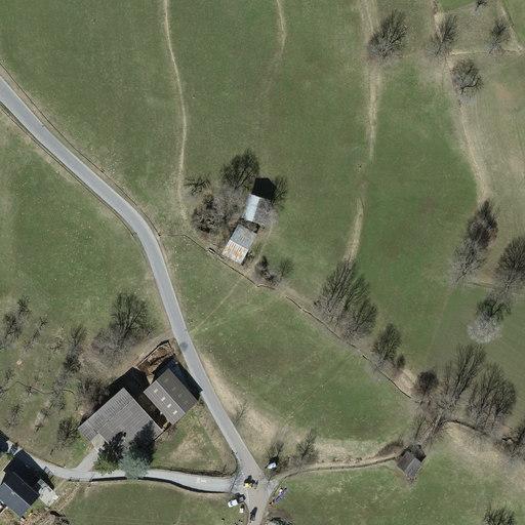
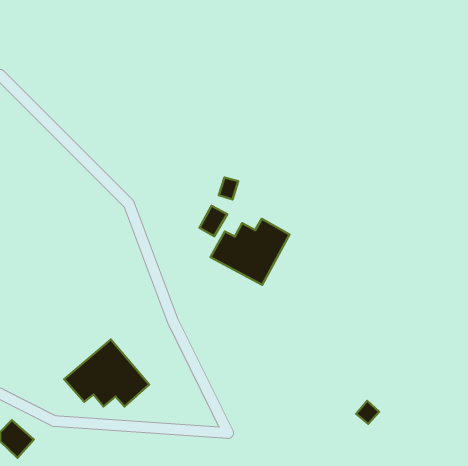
building: none -> [210,219,290,285]
building: [142,367,199,425] -> none

